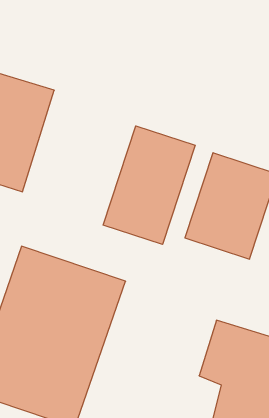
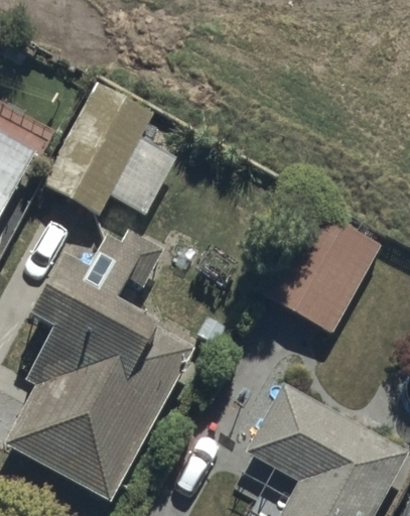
building: [103,126,195,244] -> none

